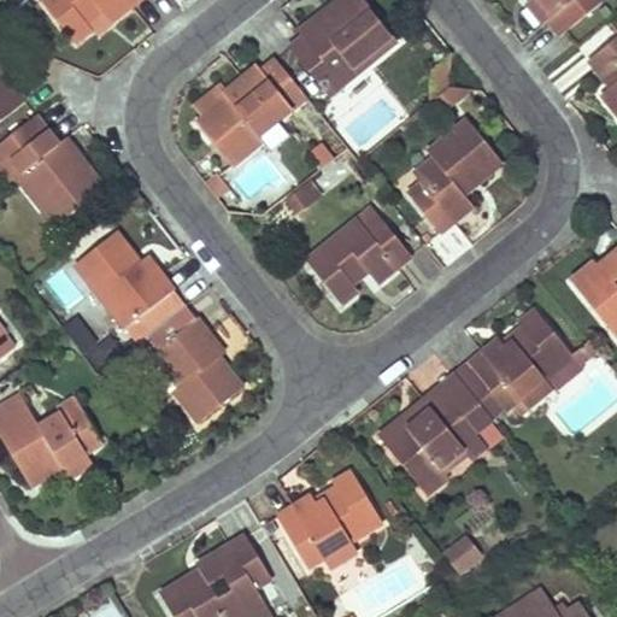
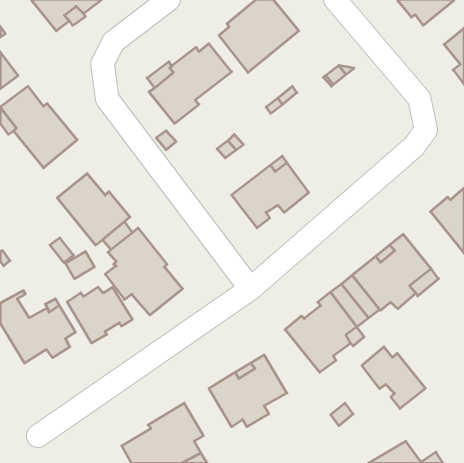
building: [410,123,501,234] -> none
building: none -> [67,287,132,343]
building: none -> [362,347,425,409]

